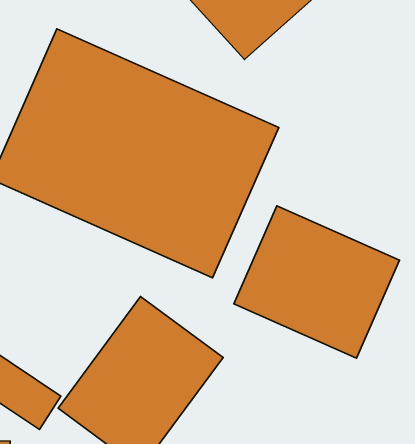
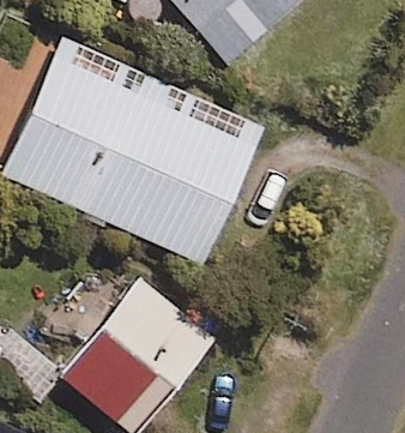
building: [234,206,399,358] -> none

